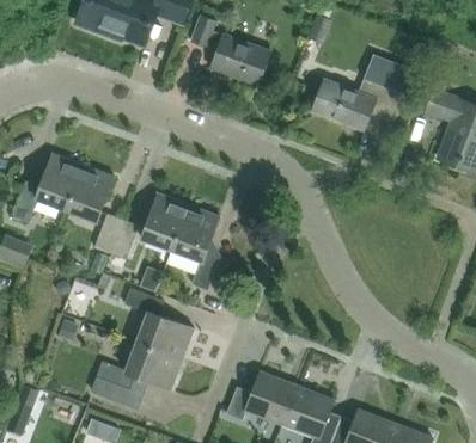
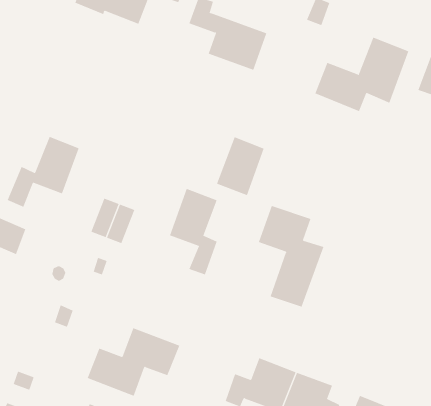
building: [67,165,114,222] -> none
building: [141,192,189,251] -> [216,137,265,196]
building: none -> [258,205,324,308]
building: [124,288,194,359] -> none

